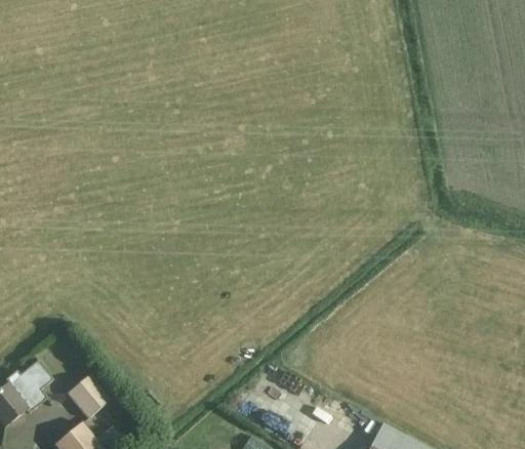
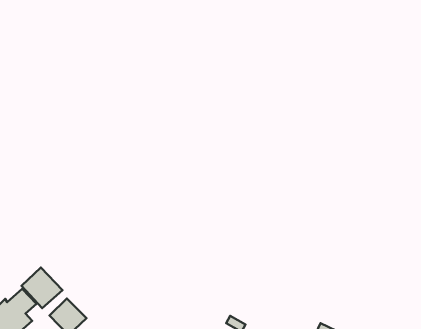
building: none -> [21,267,63,308]

